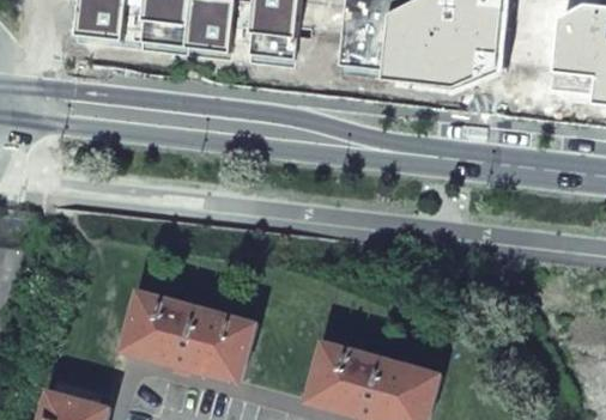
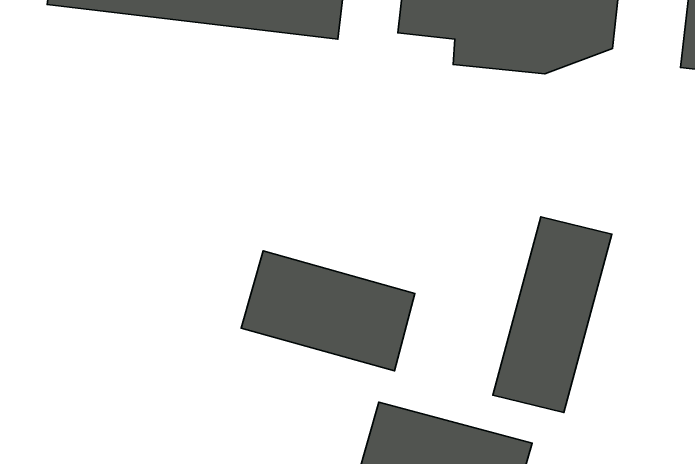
building: none -> [493,217,612,413]
building: [122,291,254,382] -> [241,251,415,371]

